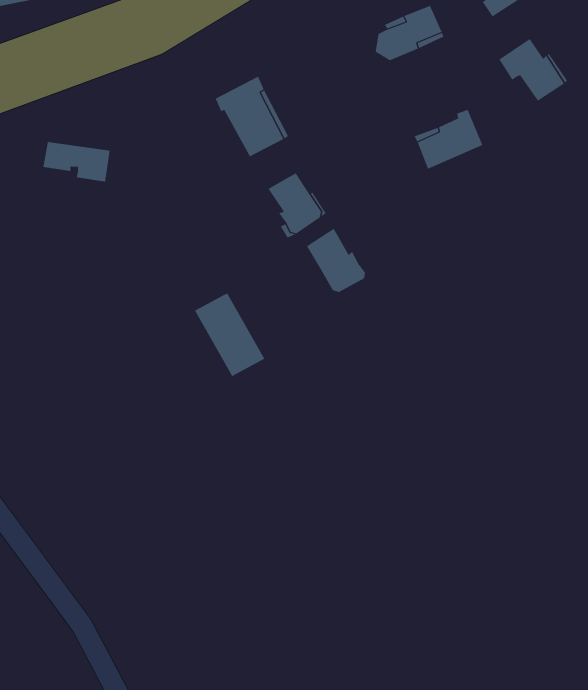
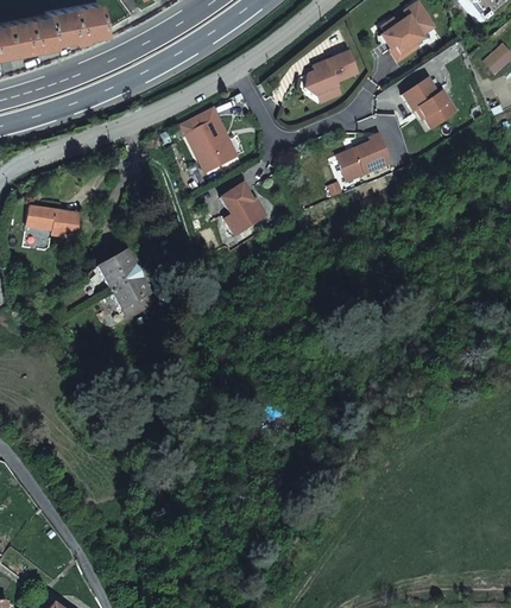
building: [43,141,110,182] -> [25,205,78,238]
building: [306,228,366,293] -> none
building: [194,292,265,377] -> [96,252,152,318]

